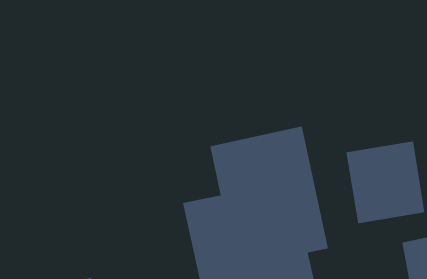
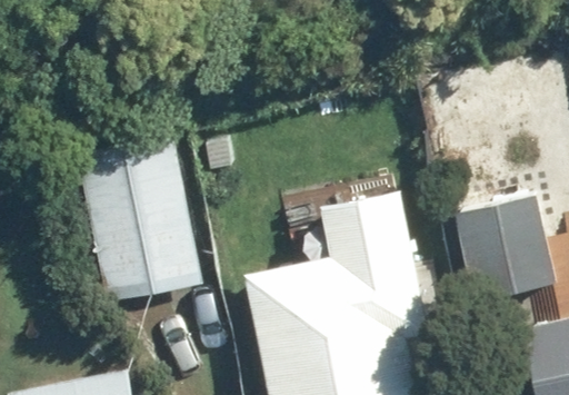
building: none -> [78,141,200,305]

